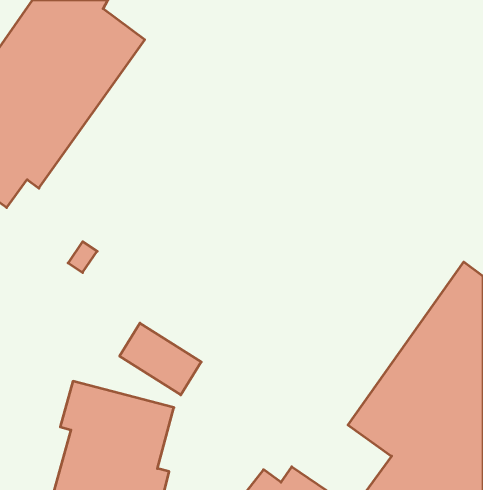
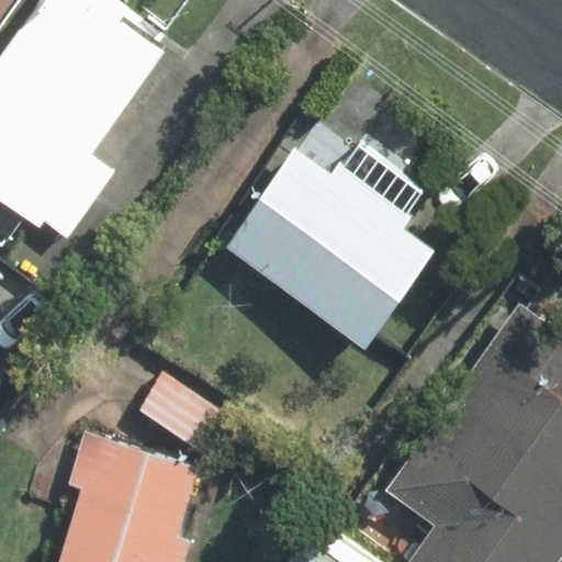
building: none -> [228,153,437,341]

